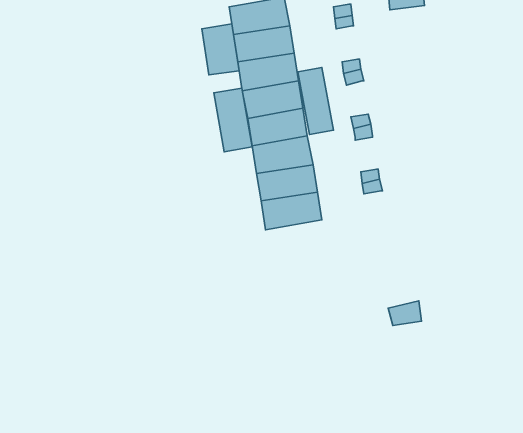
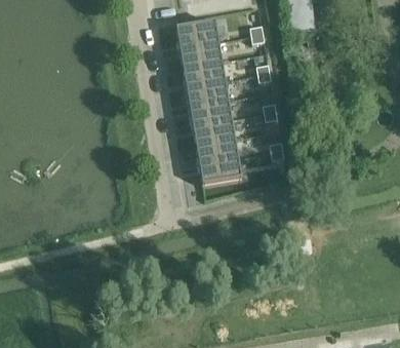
building: [202,24,239,75] -> none
building: [298,67,333,135] -> none
building: [214,88,252,152] -> none

